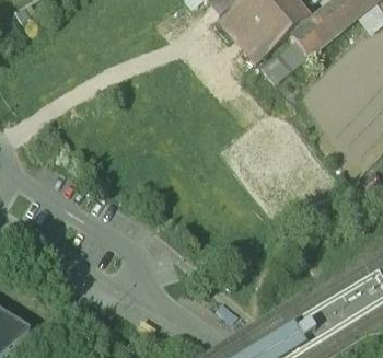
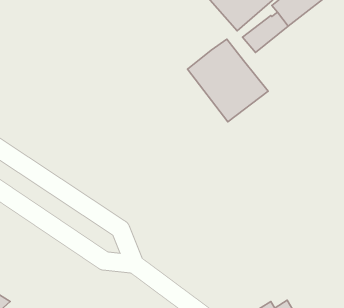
building: none -> [187,39,268,122]

